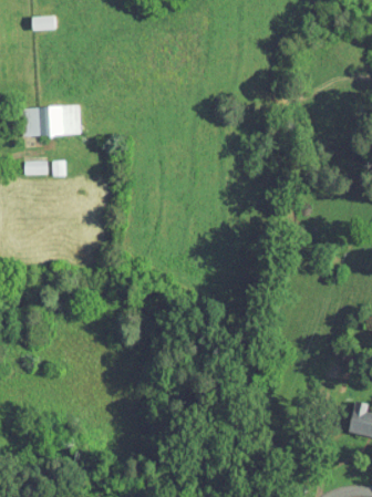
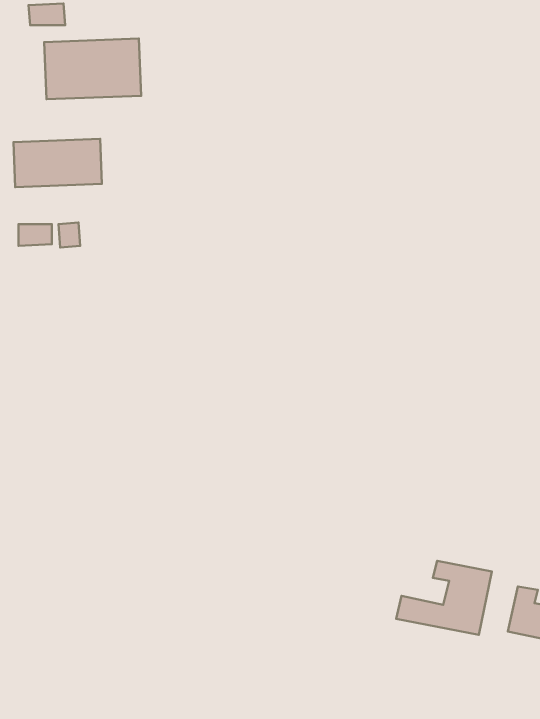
building: none -> [44,39,141,99]
building: none -> [396,561,492,635]

